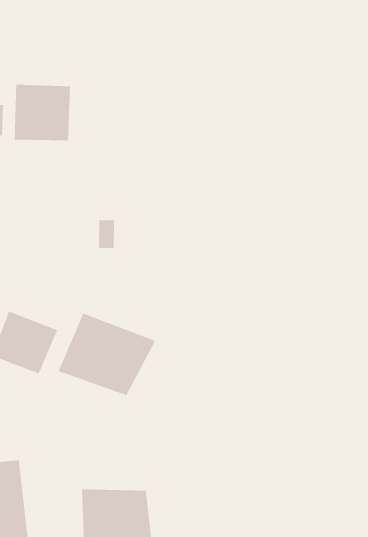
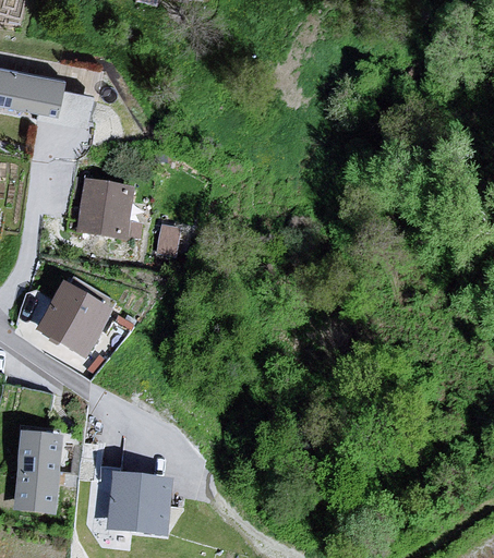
building: [14,84,71,141] -> [79,182,140,243]
building: [57,312,156,396] -> none

